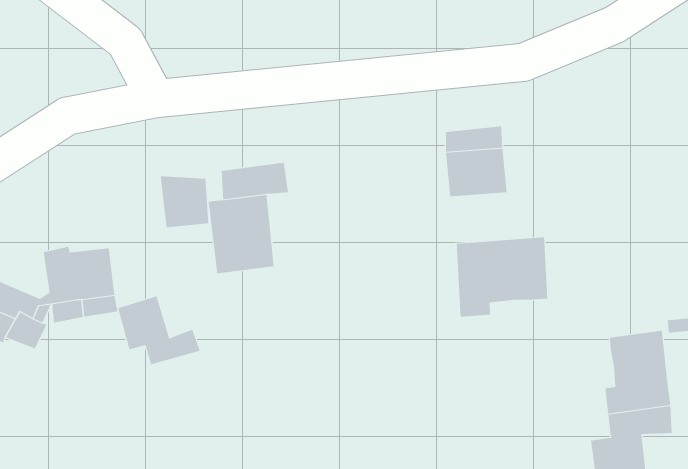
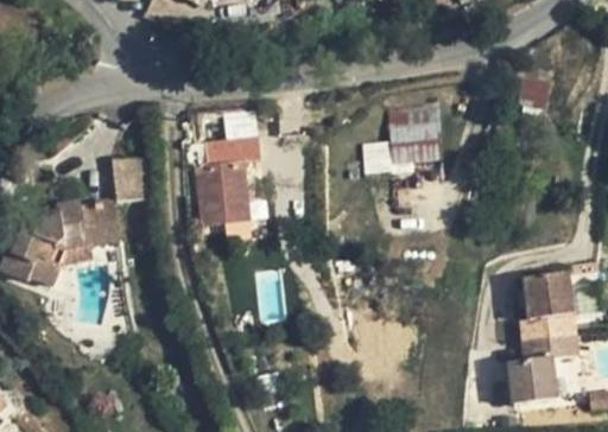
building: [160,176,209,228] -> [109,158,150,201]
building: [456,236,548,318] -> none
building: [117,296,201,365] -> none

